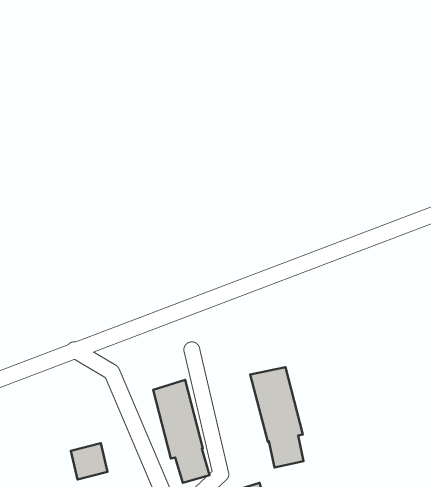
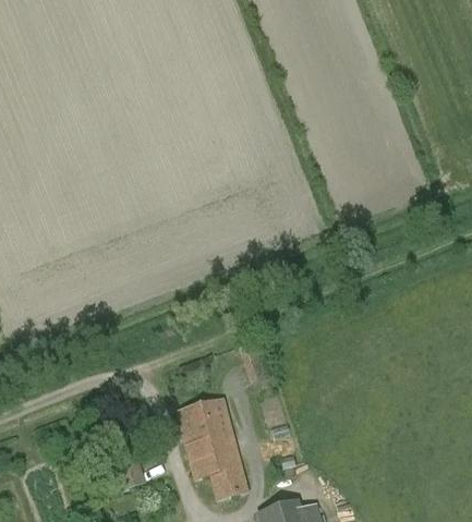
building: [250,367,303,468] -> none

